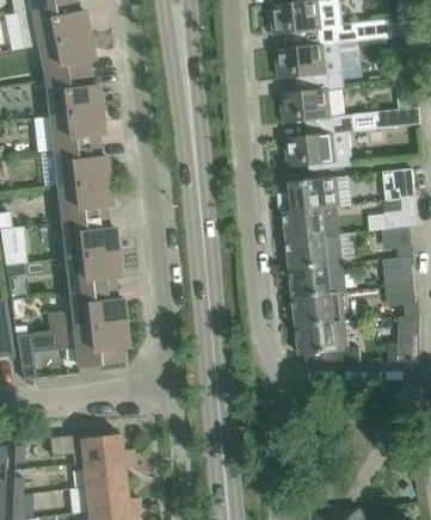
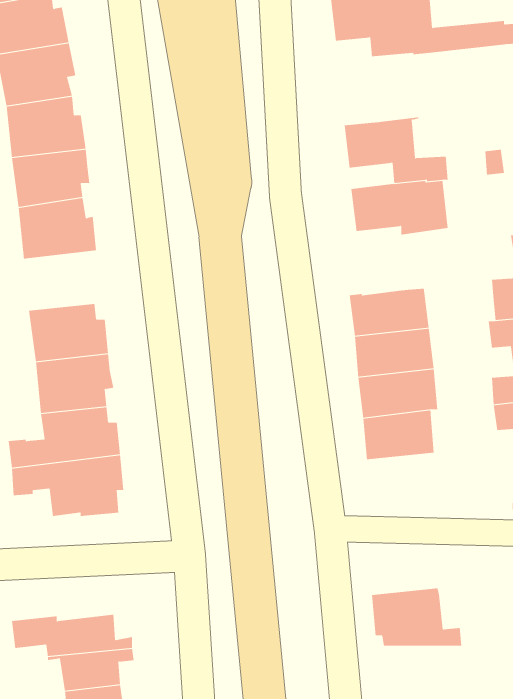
building: [276,43,345,91] -> none
building: [282,177,340,211] -> none
building: [57,180,112,222] -> none
building: [297,321,361,361] -> [371,588,462,646]

